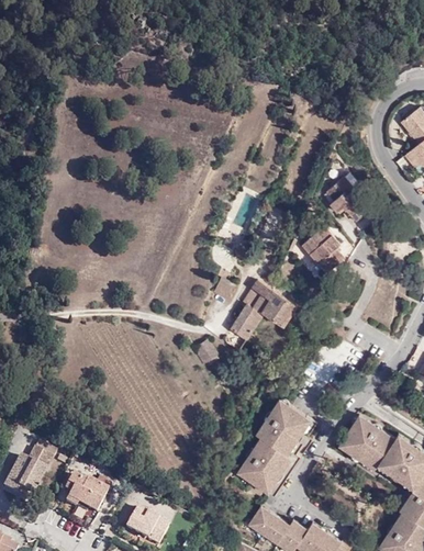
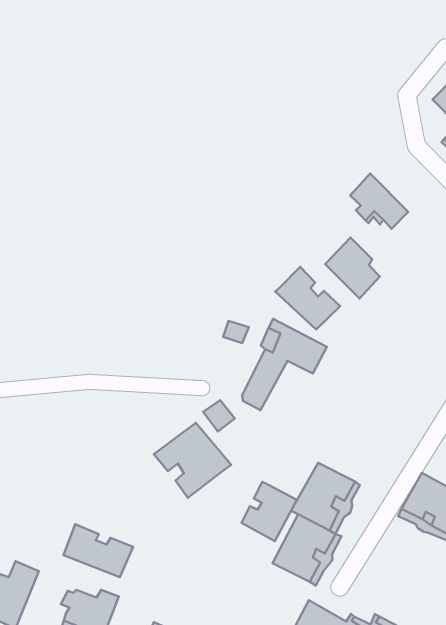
building: none -> [275,267,340,329]
building: none -> [154,423,231,498]
building: none -> [241,482,297,541]
building: none -> [63,524,133,577]

